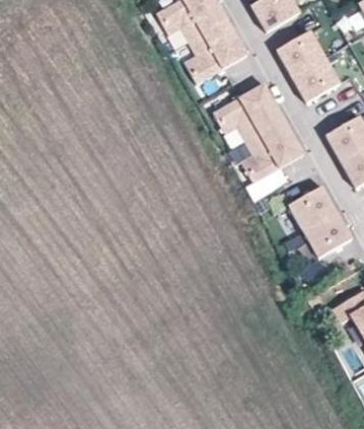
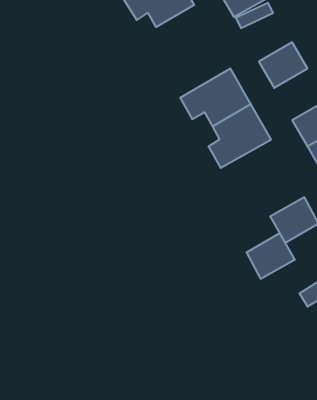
building: [184,19,246,83] -> none
building: [276,30,324,76] -> none
building: [288,186,337,231] -> [246,233,295,279]

